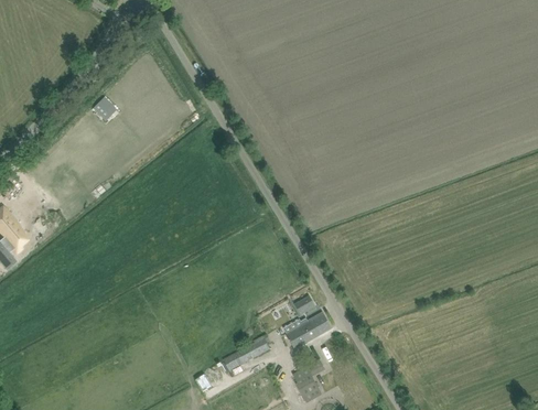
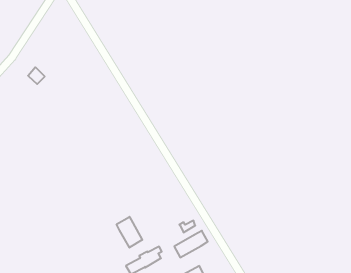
building: none -> [117,217,142,248]

